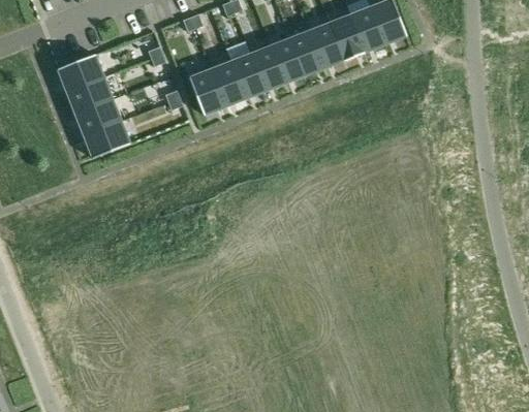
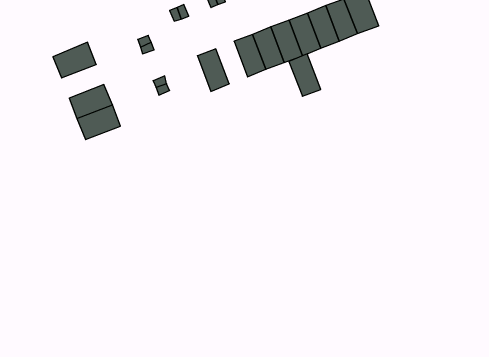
building: [231,52,266,97] -> [289,54,321,96]
building: [188,67,226,114] -> none
building: [66,76,112,113] -> none

